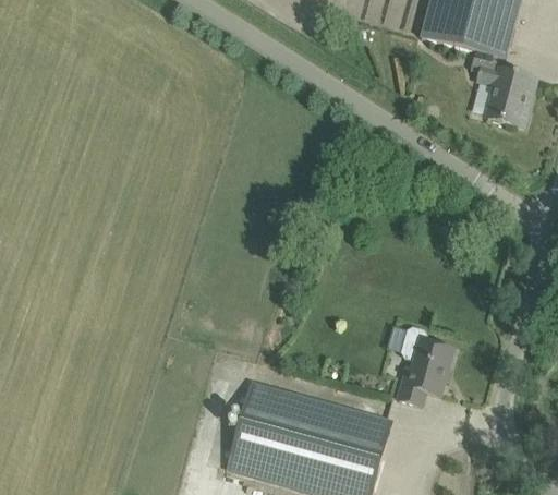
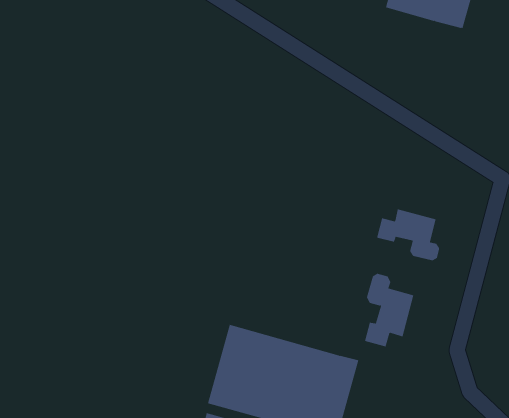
building: [471,51,532,128] -> none
building: none -> [377,209,440,261]

